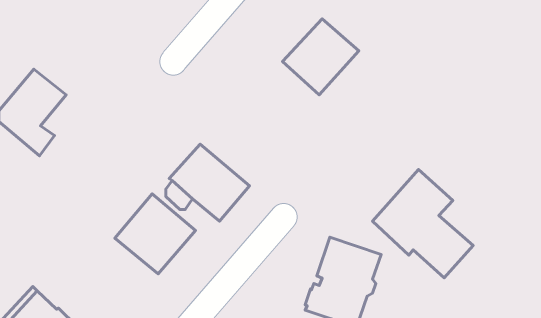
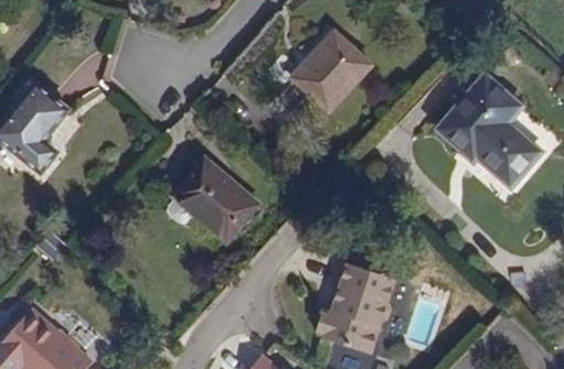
building: [372,170,473,278] -> [437,75,541,186]
building: [115,194,196,274] -> none

